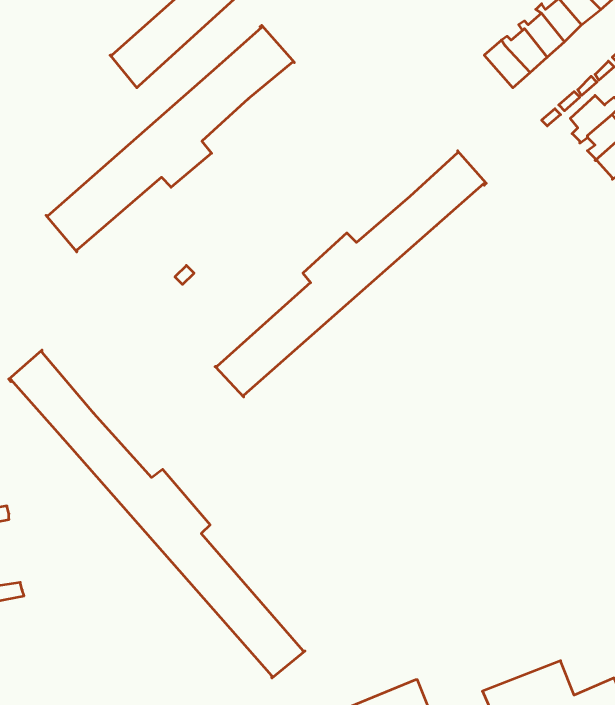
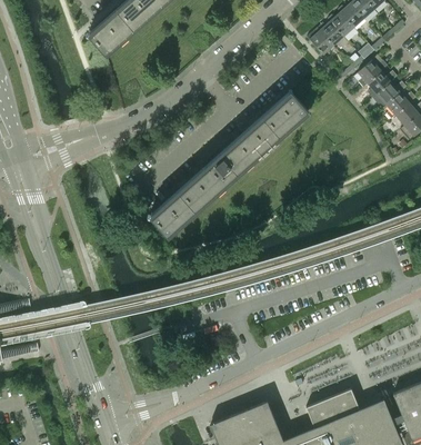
building: [46,25,294,252] -> none
building: [9,350,305,678] -> none

